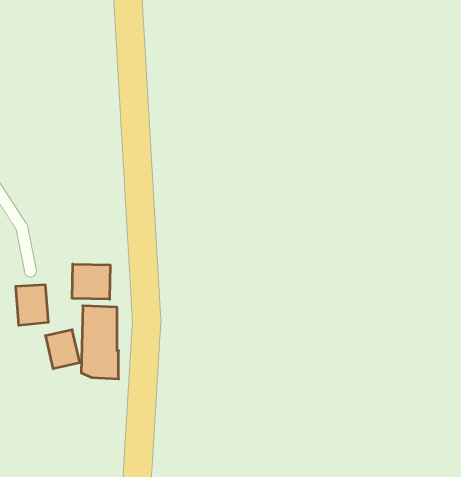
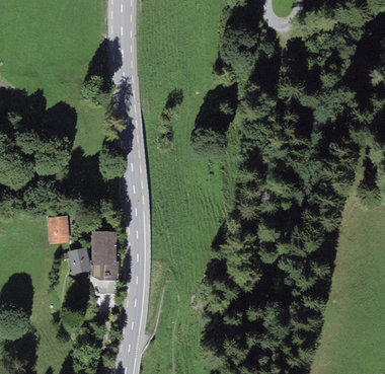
building: [72,264,110,299] -> none

